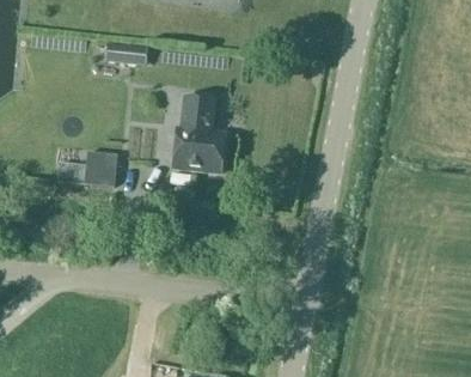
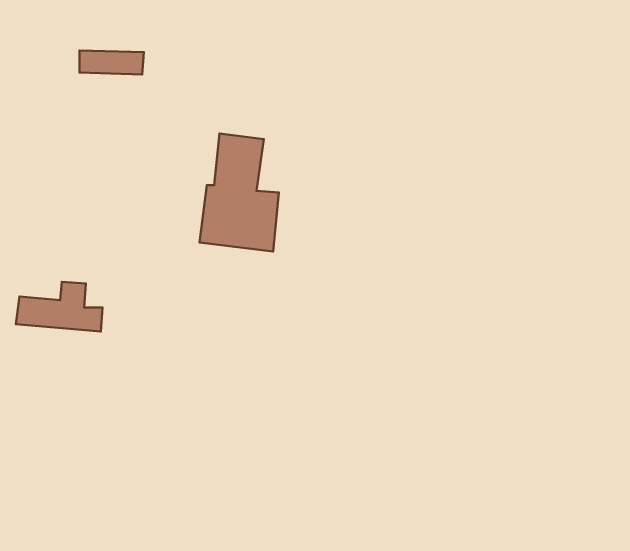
building: [56,156,112,188] -> [16,282,103,332]

